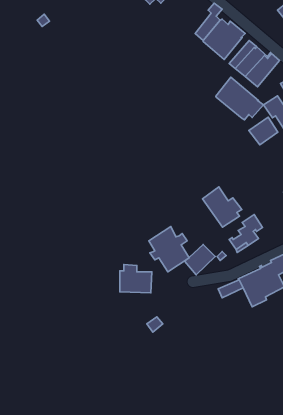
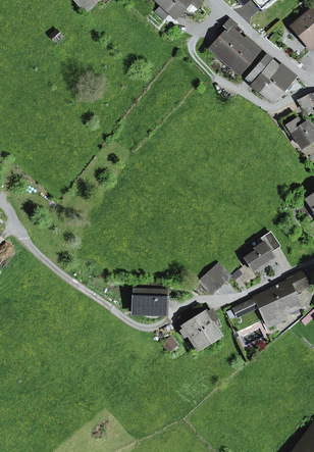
building: [216,77,263,120] -> none
building: [249,117,278,145] -> none
building: [203,187,242,227] -> none
building: [149,227,189,272] -> [178,304,219,350]

